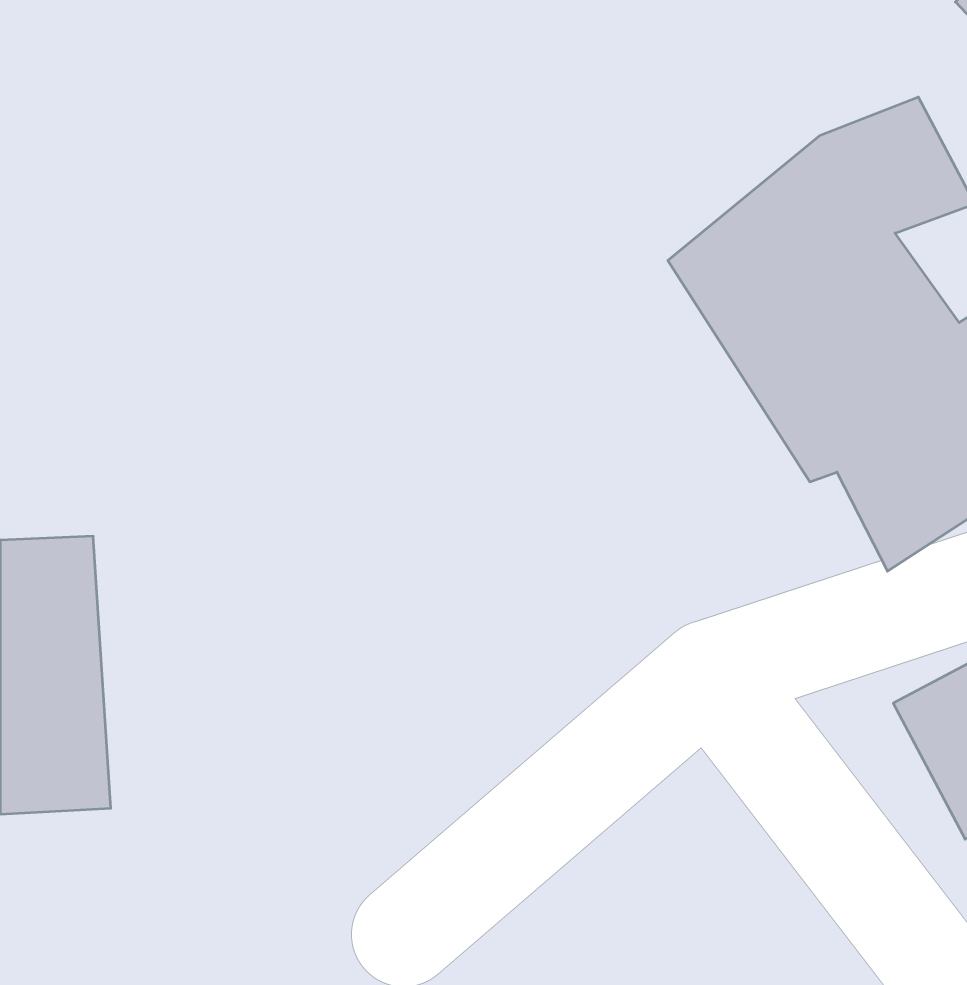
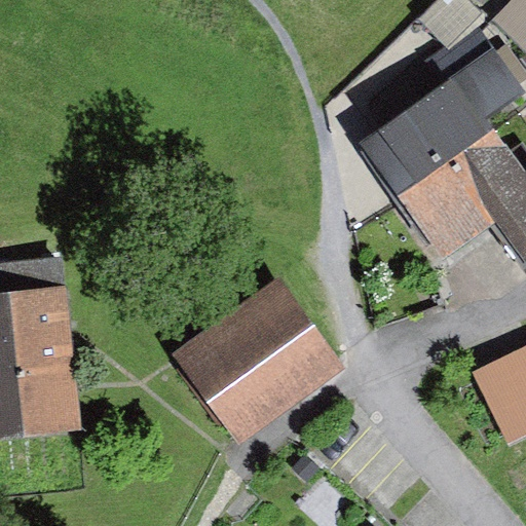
building: none -> [173,283,337,438]

